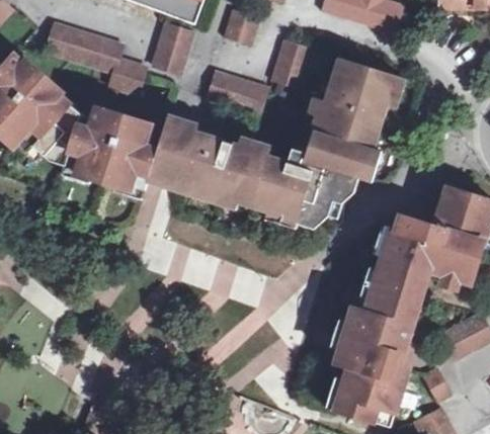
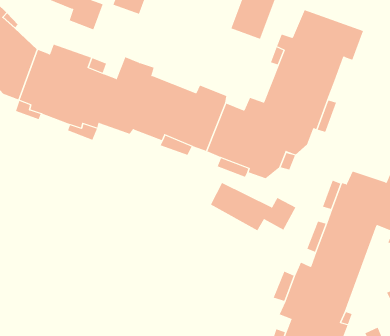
building: [207,69,274,116] -> none
building: none -> [210,182,296,231]

